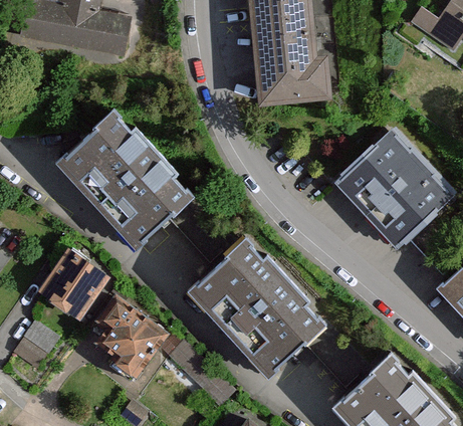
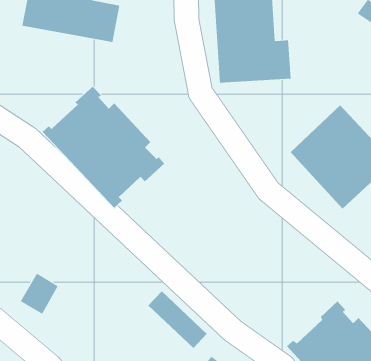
building: [184,235,324,376] -> none
building: [38,247,110,320] -> none
building: [100,299,169,381] -> none

